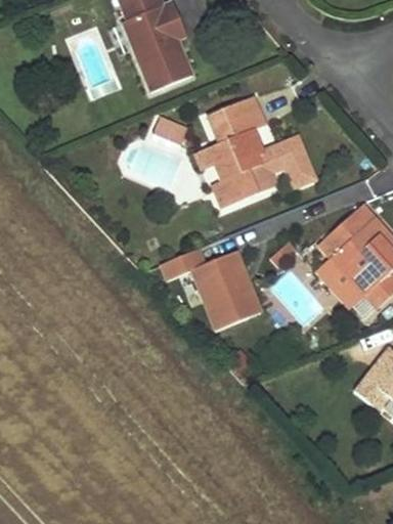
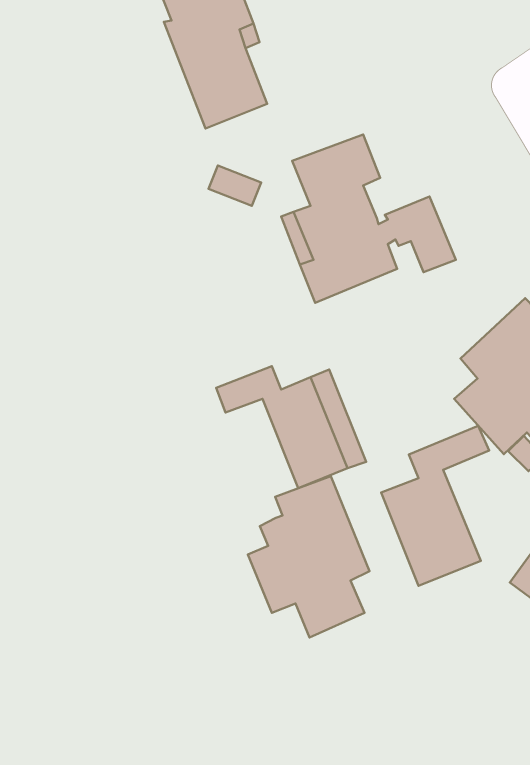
building: none -> [381,426,489,586]
building: none -> [248,476,370,637]

